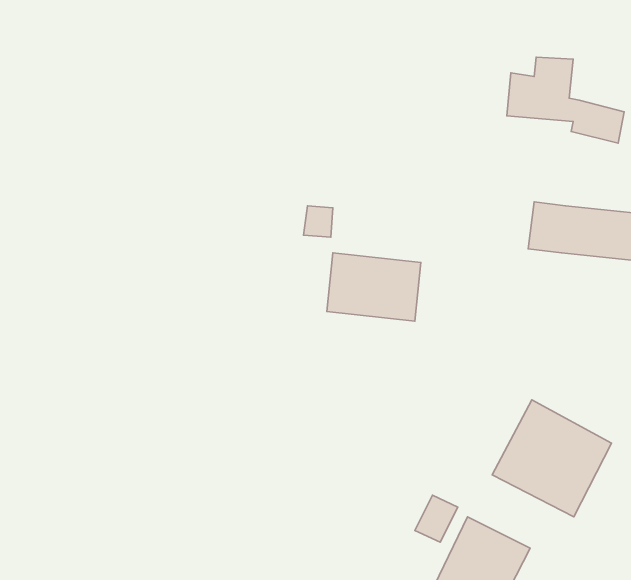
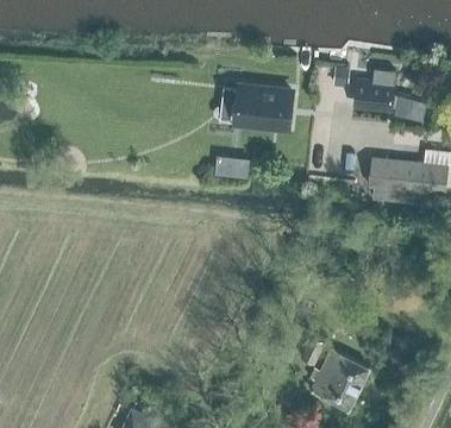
building: [327,253,421,321] -> [234,87,292,128]
building: [492,400,611,517] -> none

